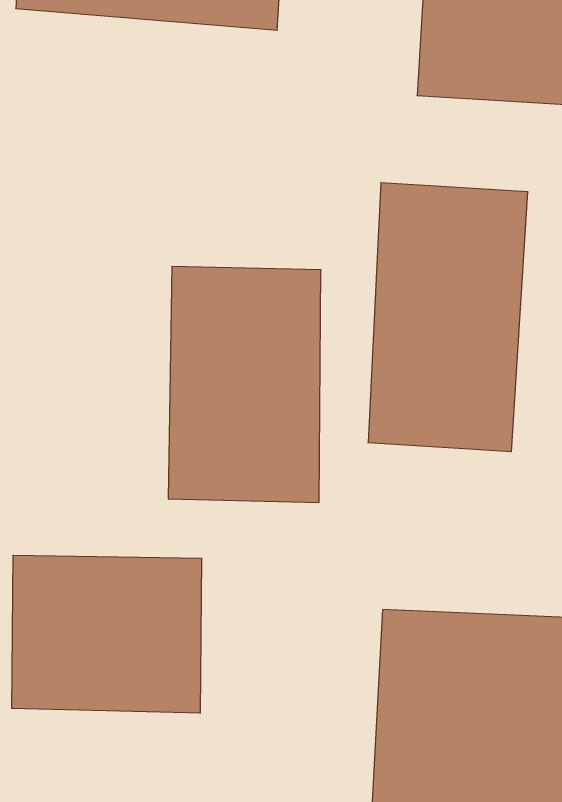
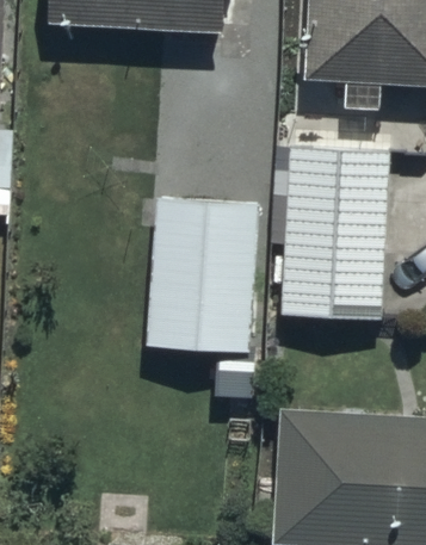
building: [12,555,202,713] -> none

